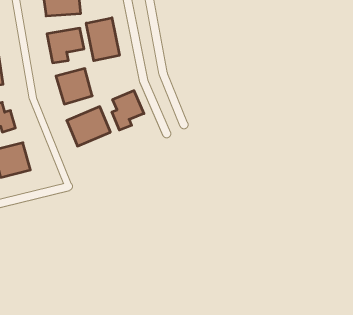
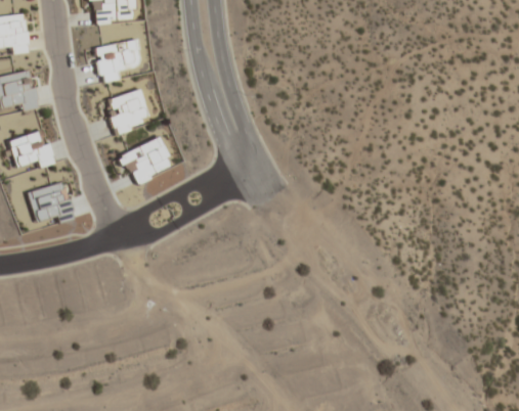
building: [86,18,119,61] -> none
building: [112,91,144,130] -> none

